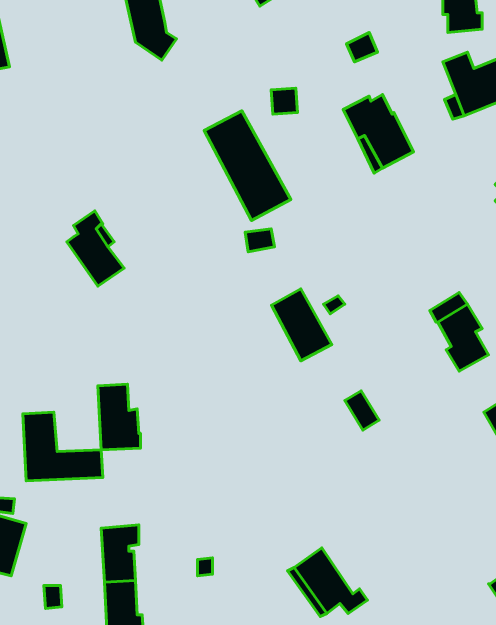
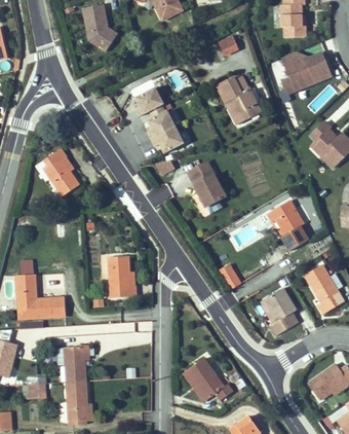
building: [271,289,332,361] -> [186,160,224,206]
building: [98,384,140,450] -> [109,257,135,298]
building: none -> [265,289,297,336]

